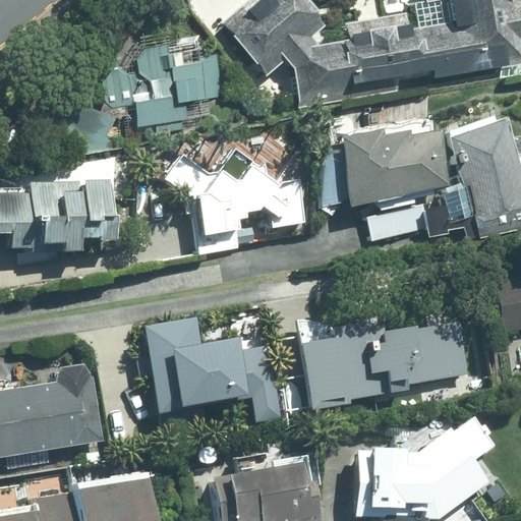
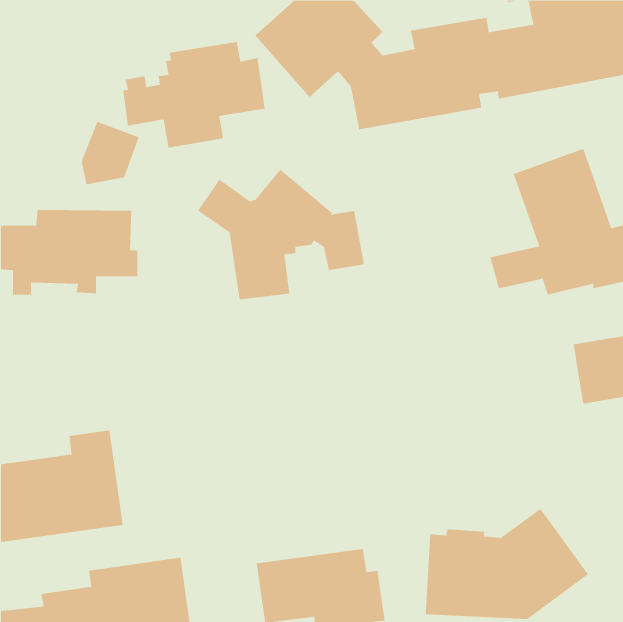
building: [306,140,428,217] -> none
building: [148,317,280,420] -> none
building: [300,320,471,407] -> none

